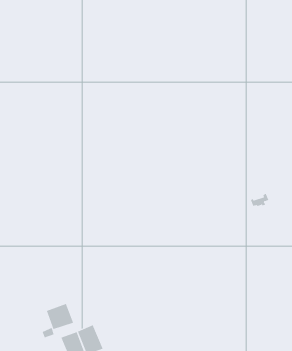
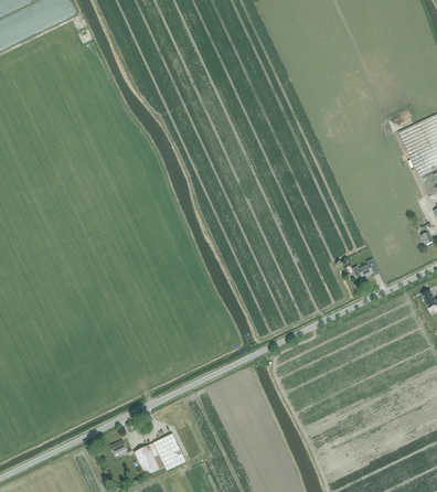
building: [46,303,74,330] -> none

